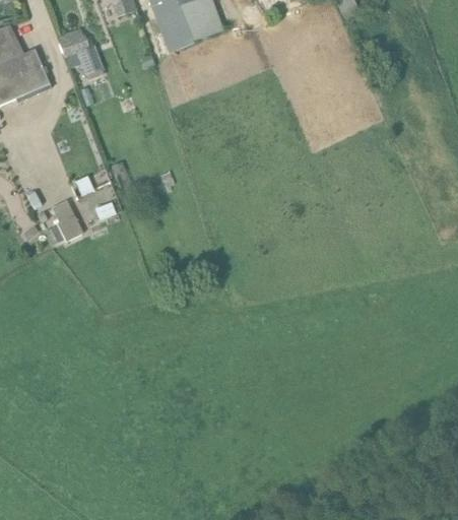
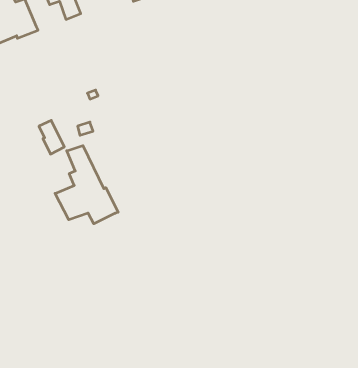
building: none -> [55,146,118,224]

